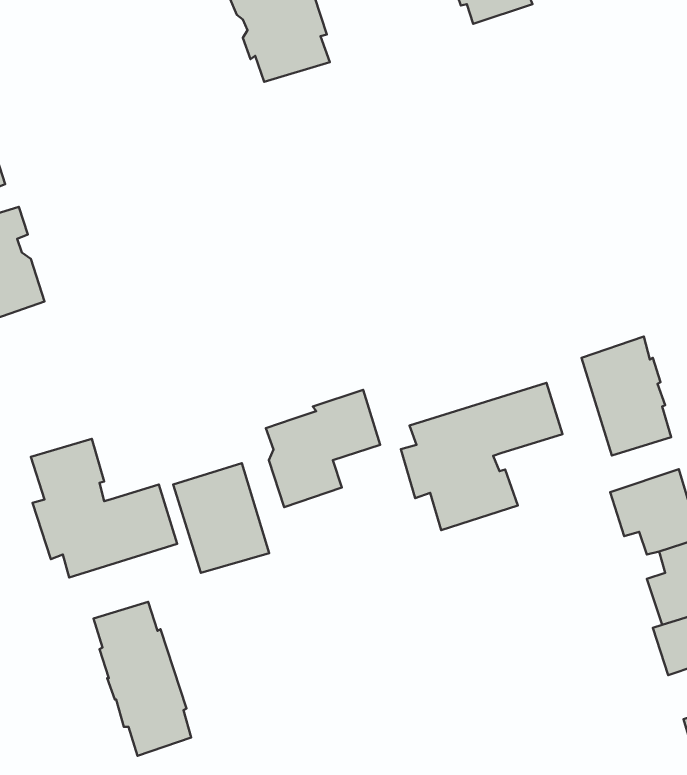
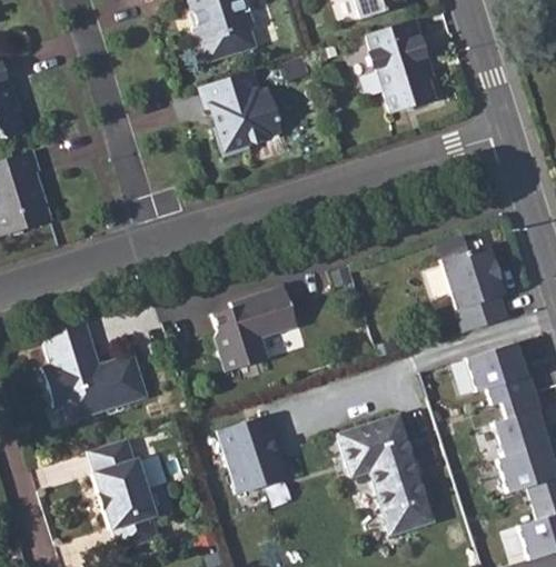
building: none -> [369,19,436,112]
building: none -> [202,70,284,157]
building: [401,383,563,530] -> none
building: [173,463,269,573] -> [218,412,288,493]
building: none -> [338,412,433,535]

